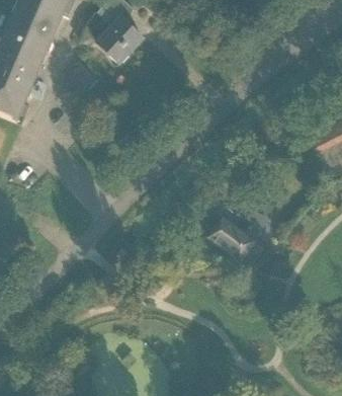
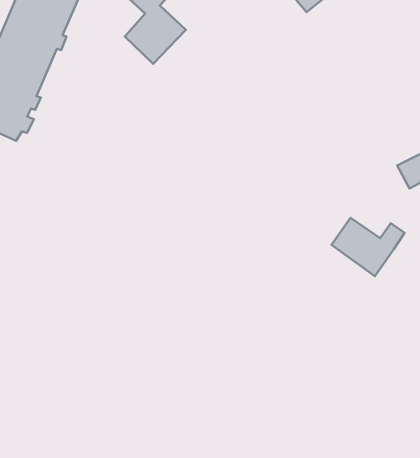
building: [205,216,260,259] -> [331,218,405,276]

